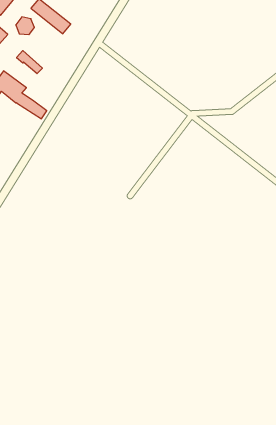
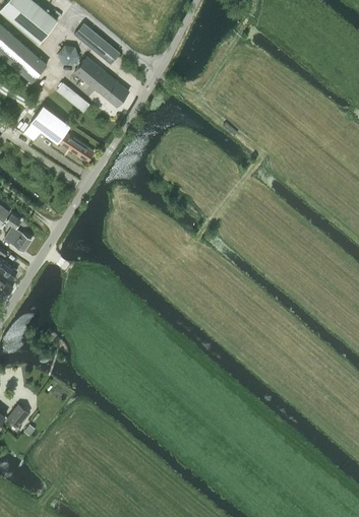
building: none -> [74,57,128,107]

